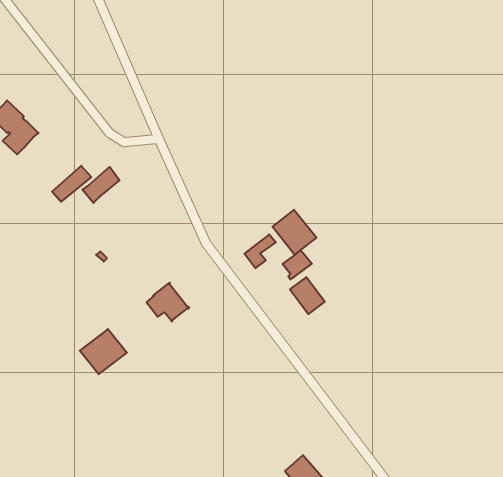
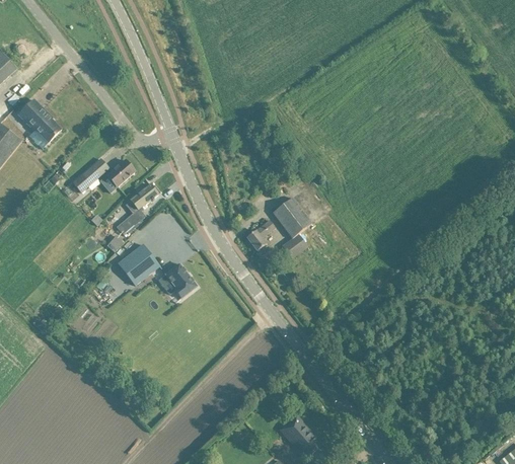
building: none -> [116,183,157,234]
building: [290,277,325,314] -> none
building: [80,329,127,374] -> [117,243,159,284]

